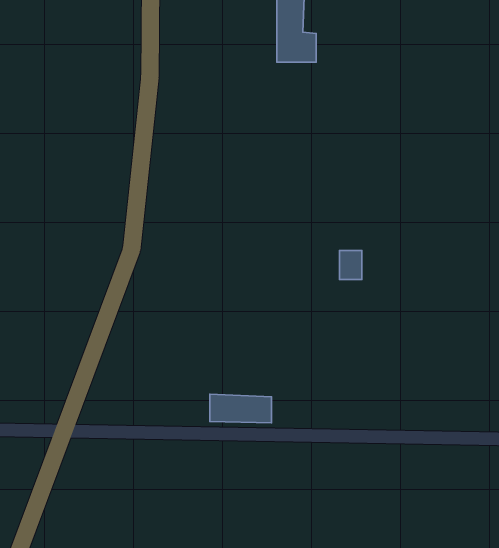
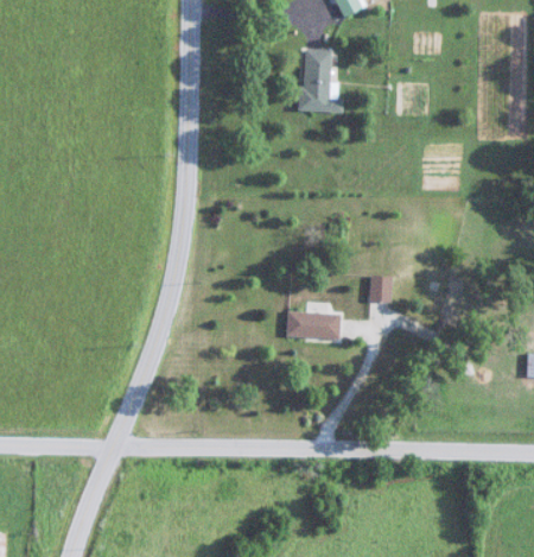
building: [210,394,271,423] -> [285,312,341,338]

